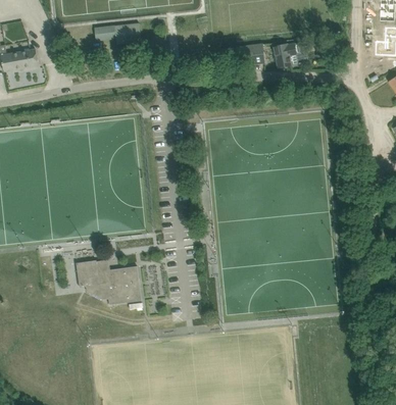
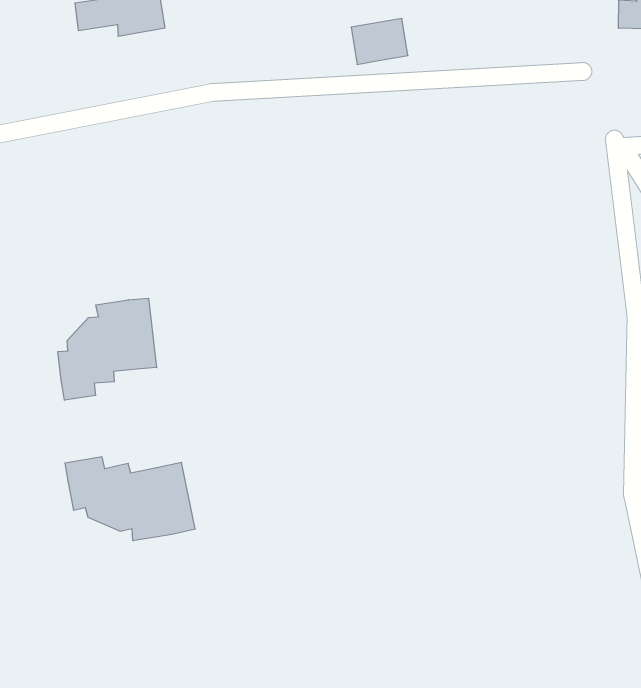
building: [274,43,297,67] -> none
building: none -> [58,298,157,400]

